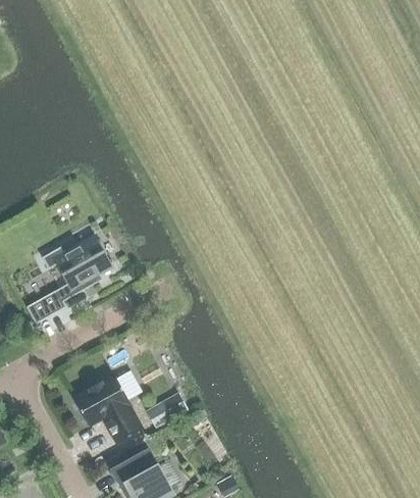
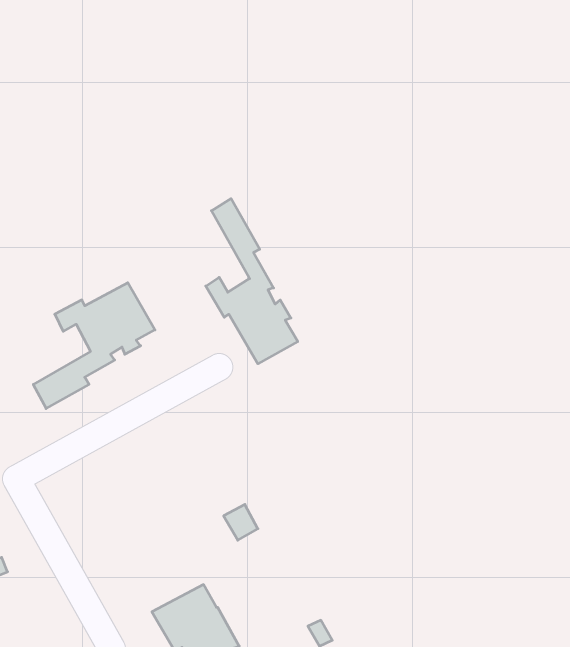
building: none -> [206,199,298,364]
building: [73,374,143,442] -> none

